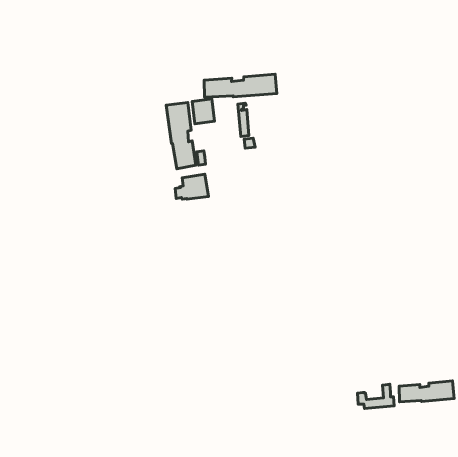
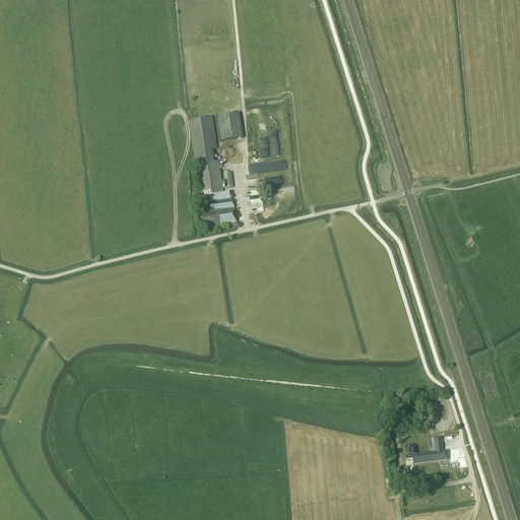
building: [204,74,277,97] -> none
building: [399,381,454,402] -> none

